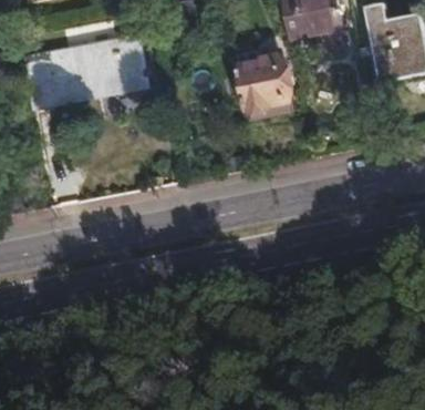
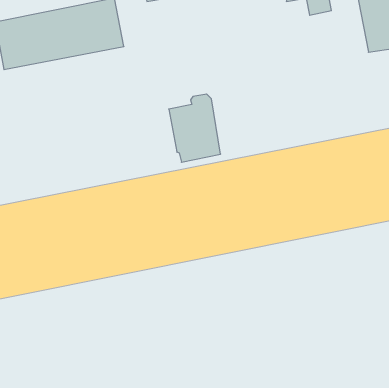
building: [236,52,286,117] -> [169,94,221,162]

